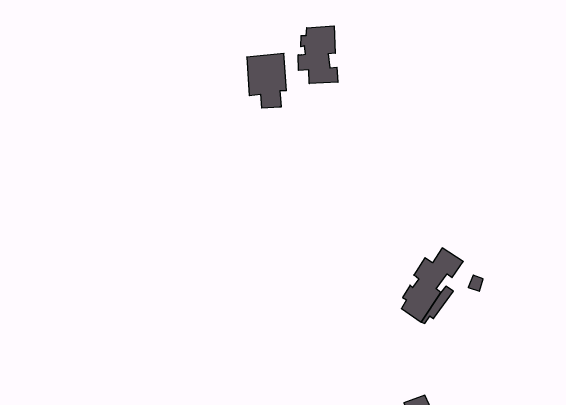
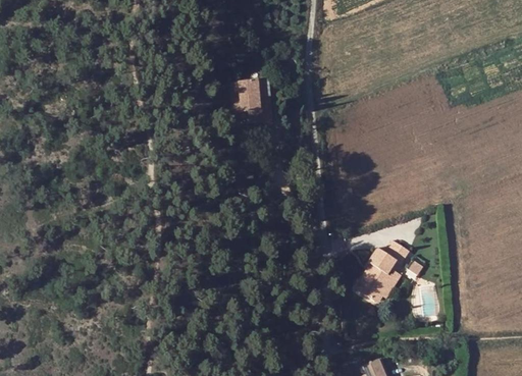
building: [298,26,338,84] -> none

